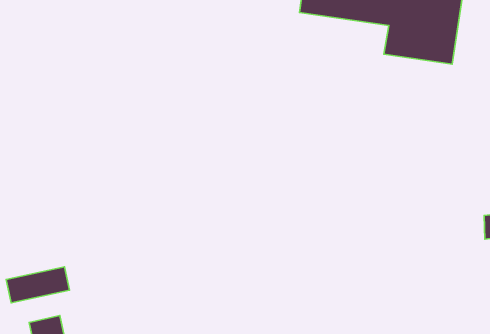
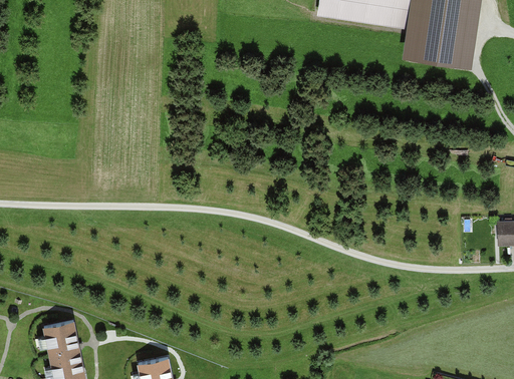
building: [6,267,69,303] -> none

